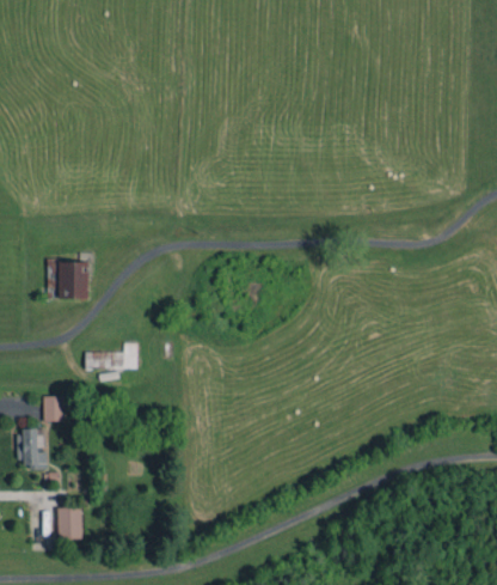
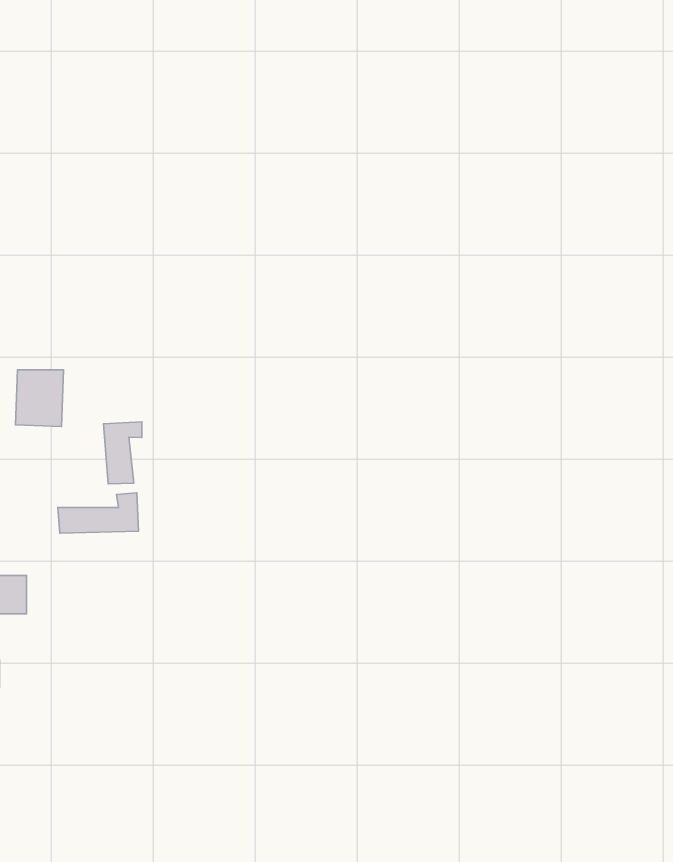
building: none -> [103,422,142,484]
building: [57,507,82,540] -> none

